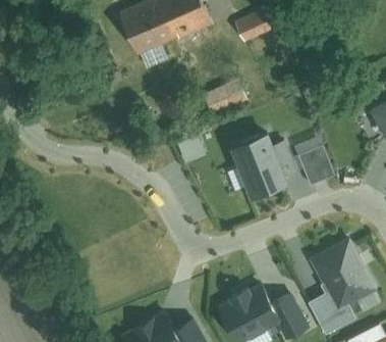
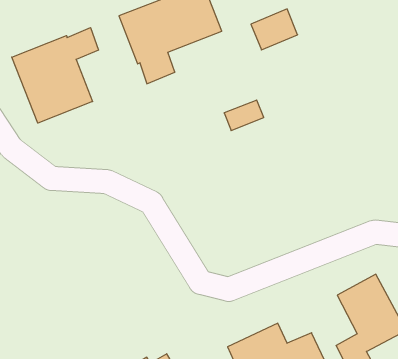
building: none -> [12,28,98,123]
building: [229,130,296,196] -> none
building: [299,147,336,186] -> none

